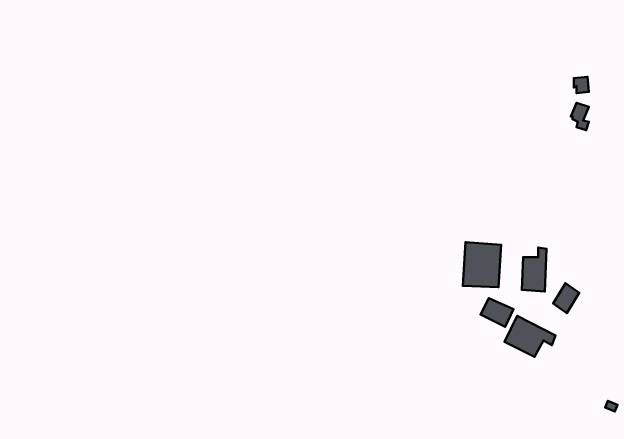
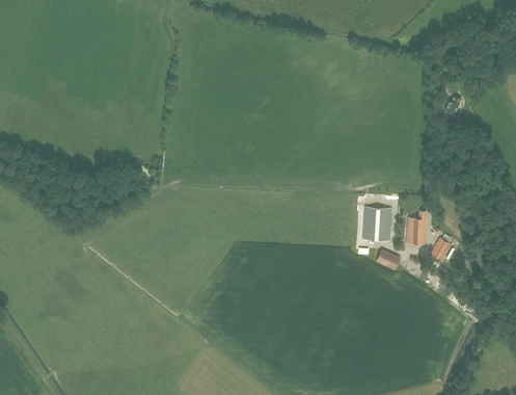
building: [504,316,556,357] -> none

